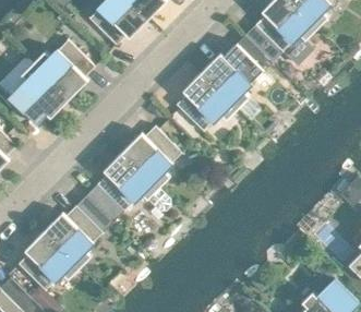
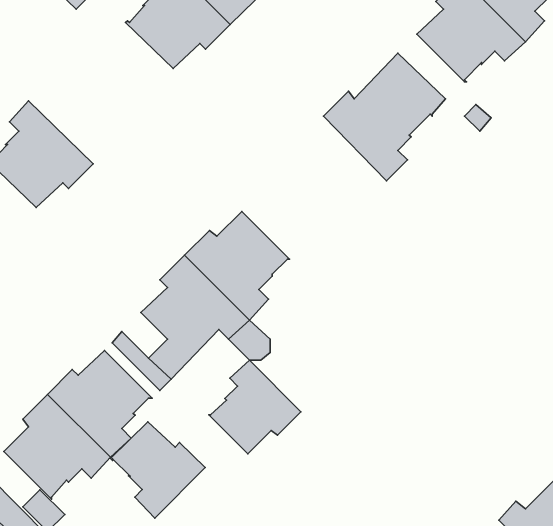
building: [33,38,95,97] -> none
building: [177,70,238,130] -> none
building: none -> [209,360,301,454]
building: none -> [111,422,205,518]

